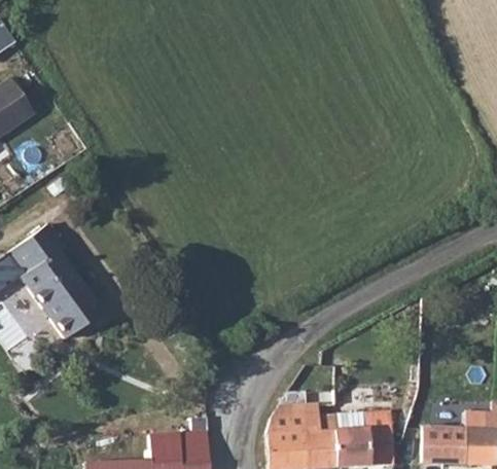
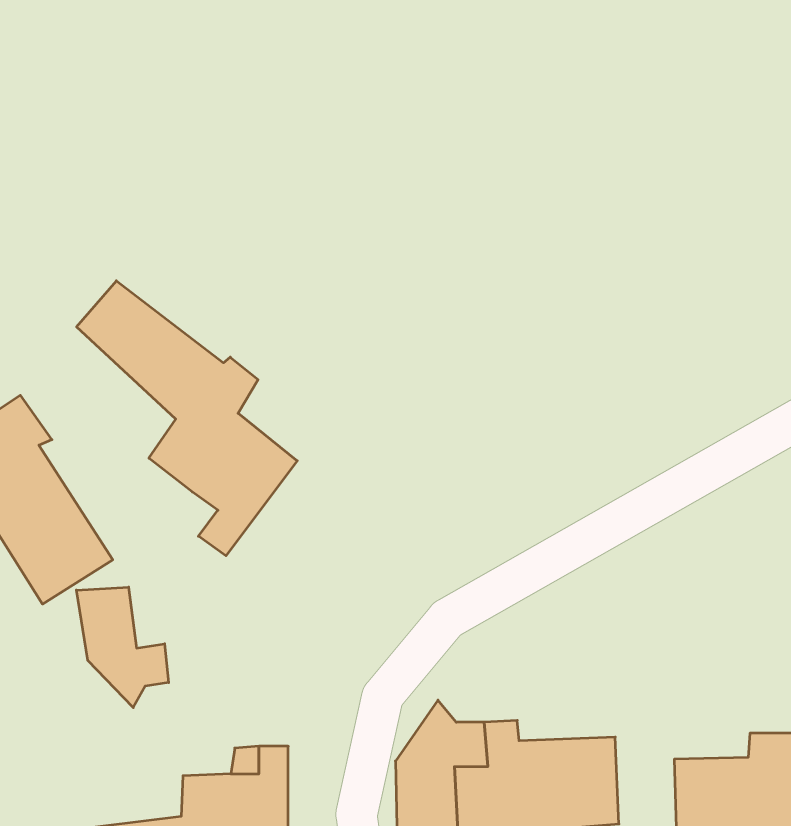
building: none -> [77,281,297,556]
building: none -> [76,587,169,708]

